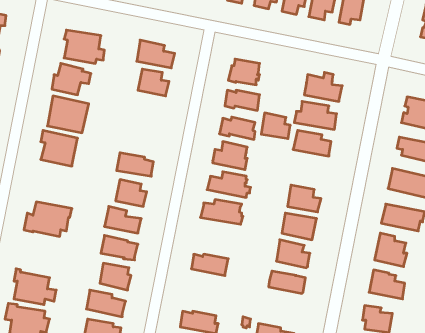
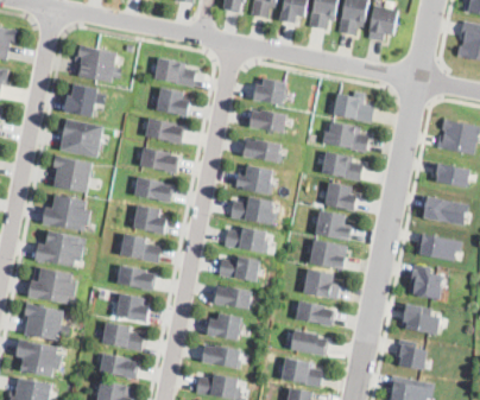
building: none -> [144,118,183,144]
building: [261,113,290,139] -> [324,183,355,210]
building: none -> [139,147,178,173]
building: none -> [42,193,90,229]
building: none -> [219,255,259,280]
building: none -> [27,264,75,301]
building: none -> [206,313,242,339]
building: none -> [289,326,326,355]

